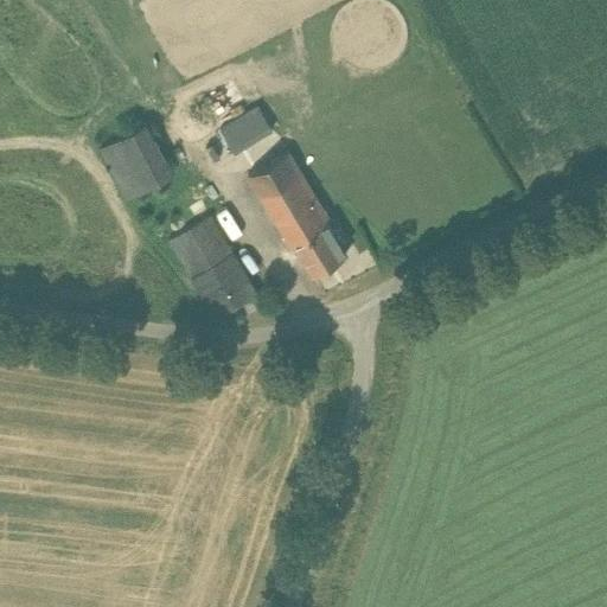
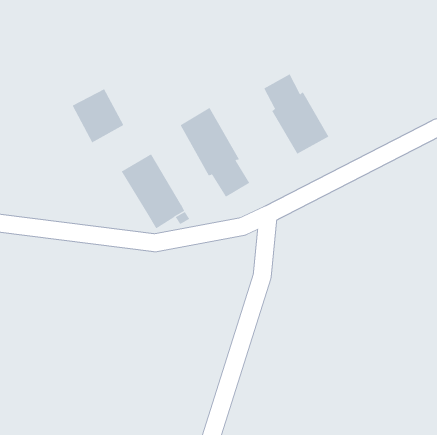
building: none -> [264,73,329,155]
building: [218,107,273,155] -> none

